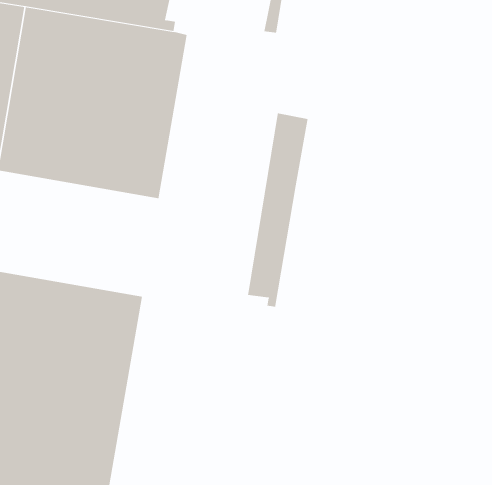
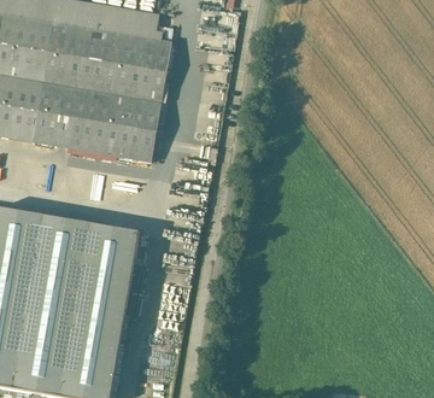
building: [247,113,308,308] -> none

